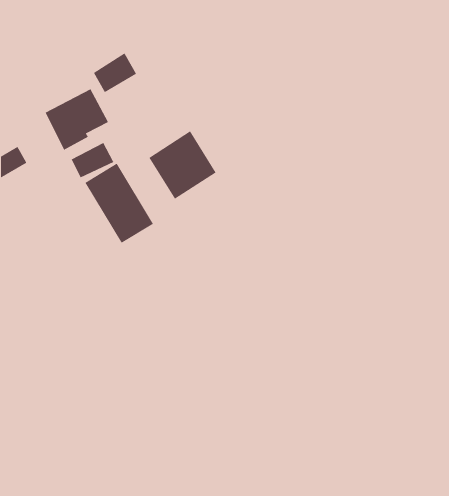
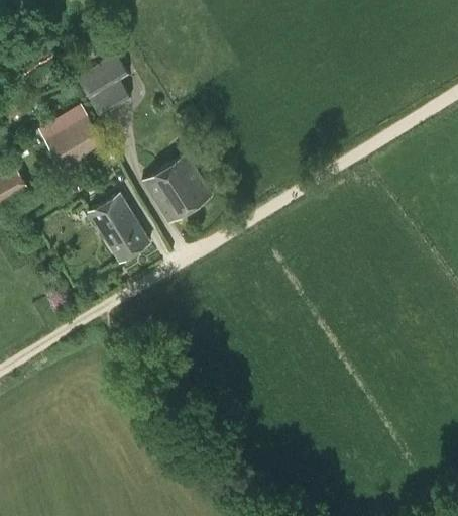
building: none -> [78,53,130,98]
building: [71,142,114,178] -> none

